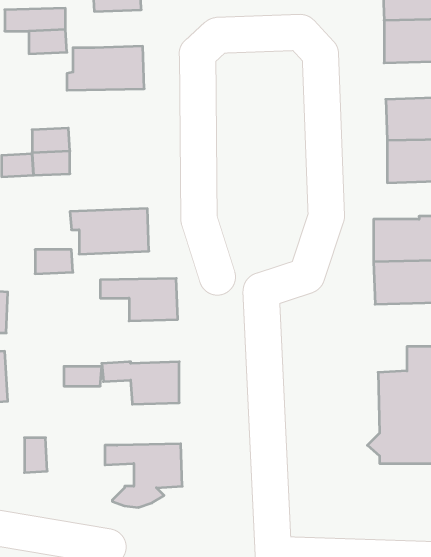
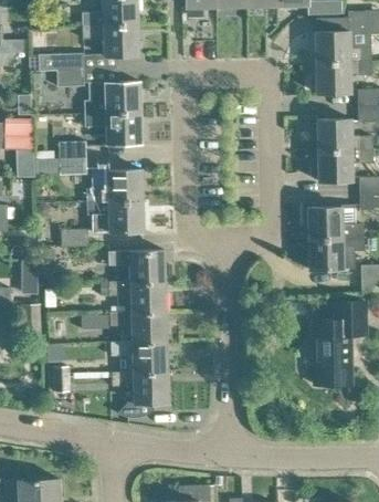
building: none -> [84,113,140,145]
building: none -> [86,168,143,202]
building: none -> [108,281,166,313]
building: none -> [110,342,167,373]

